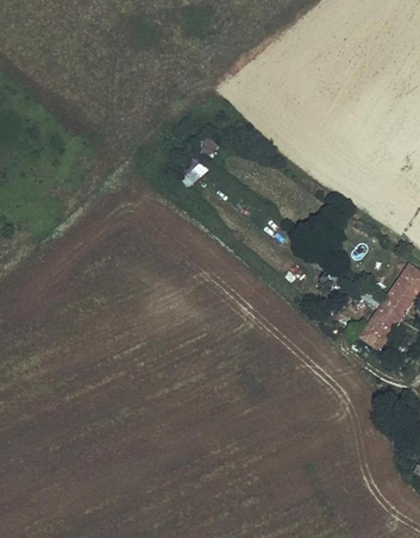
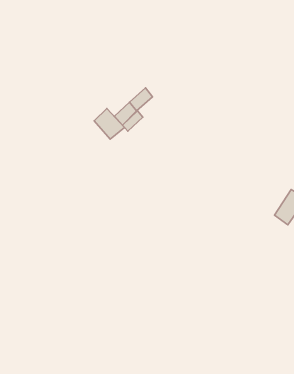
building: none -> [94,109,124,139]
building: [362,300,403,348] -> none

